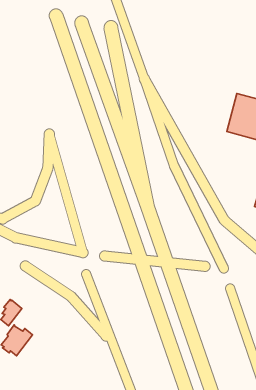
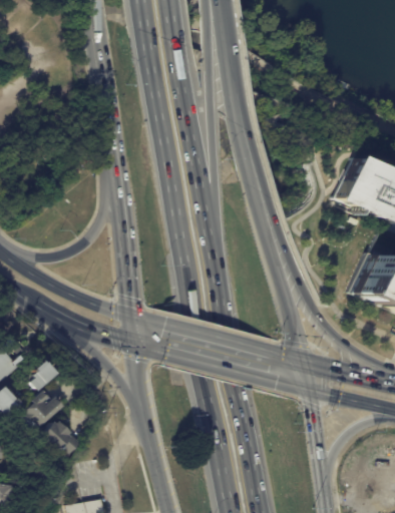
building: none -> [39,420,80,454]

